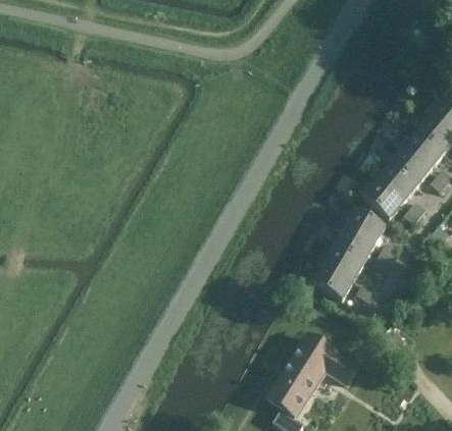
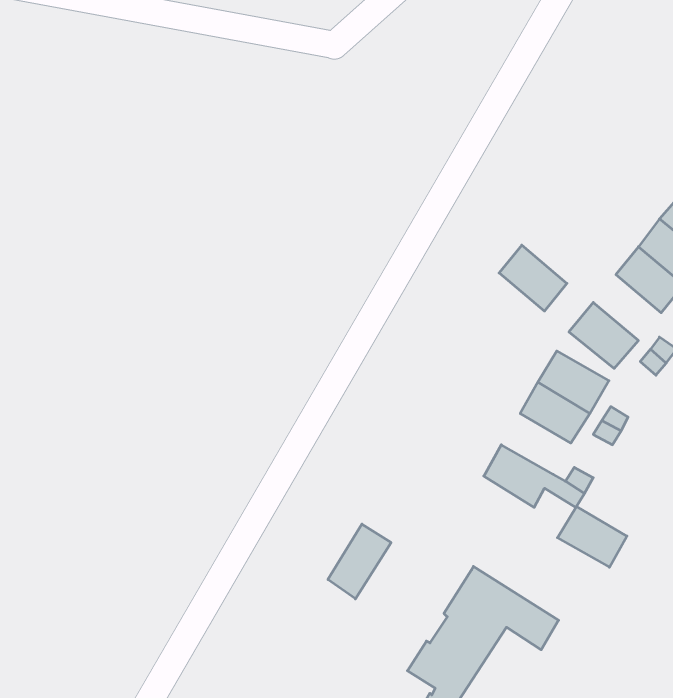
building: [375,164,415,203] -> [499,245,567,311]
building: [321,246,362,281] -> [557,507,627,567]
building: none -> [328,524,391,599]

